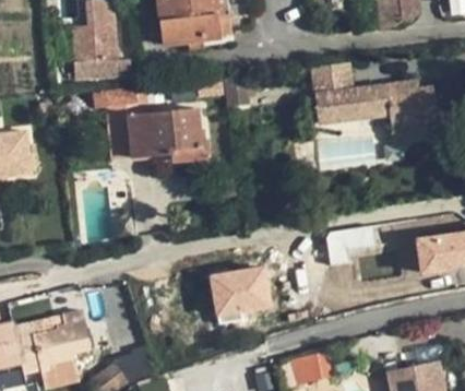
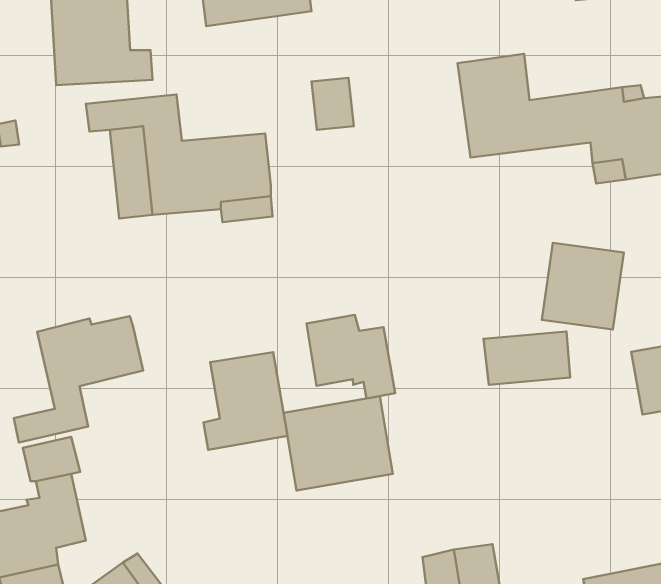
building: none -> [542,243,624,329]
building: none -> [306,315,395,398]
building: none -> [14,316,143,443]
building: none -> [203,352,287,450]

